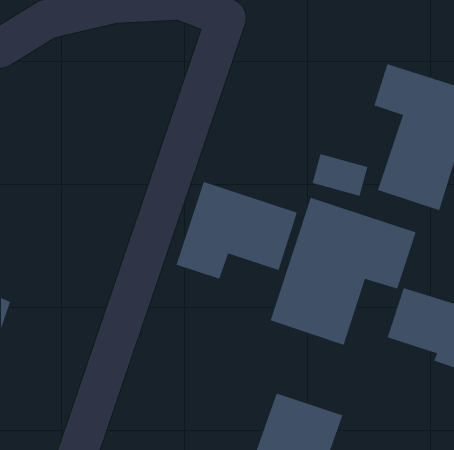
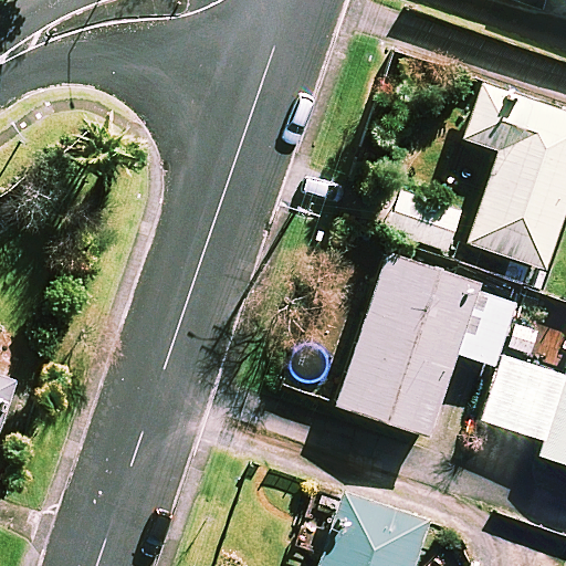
building: [176,181,298,279] -> none

